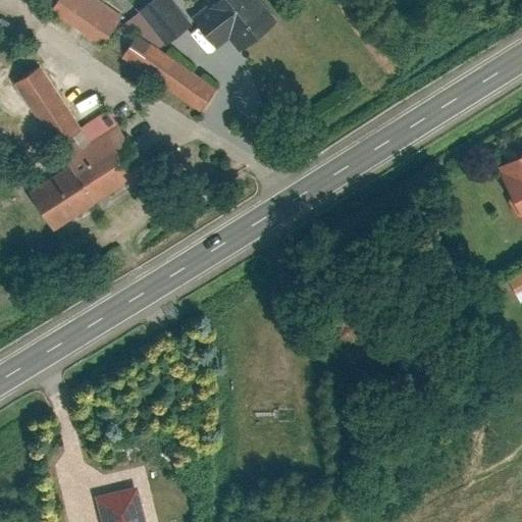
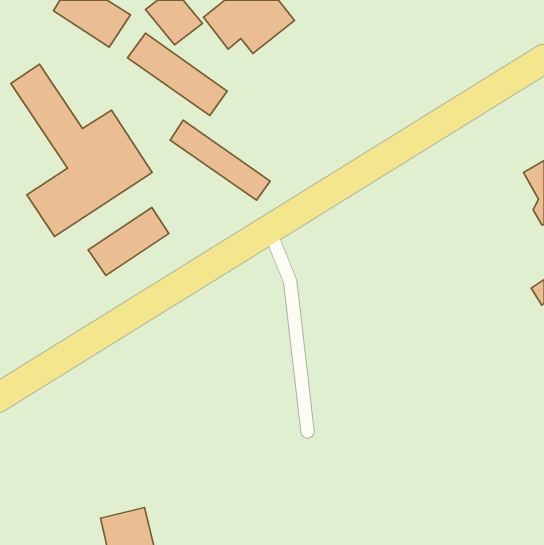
building: none -> [170,120,270,200]
building: none -> [88,208,169,276]

